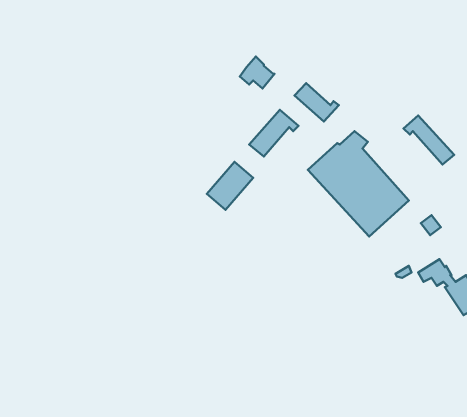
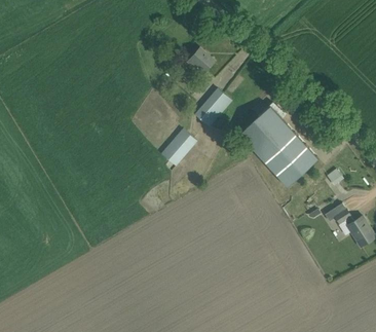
building: [295,83,339,122] -> none
building: [404,116,454,164] -> none

